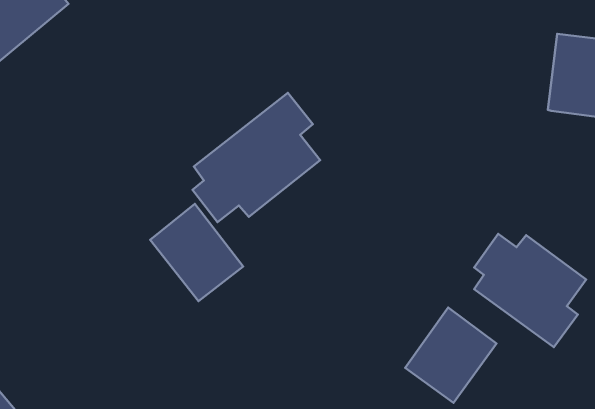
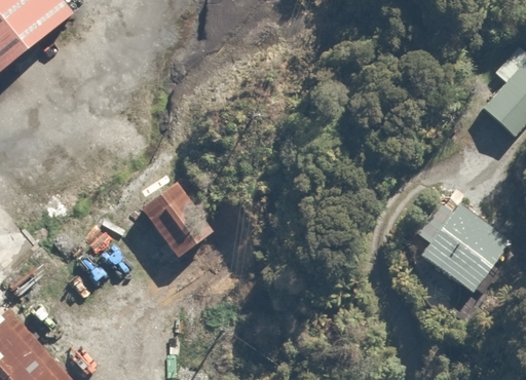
building: [192,93,320,222] -> none
building: [405,307,497,403] -> none

